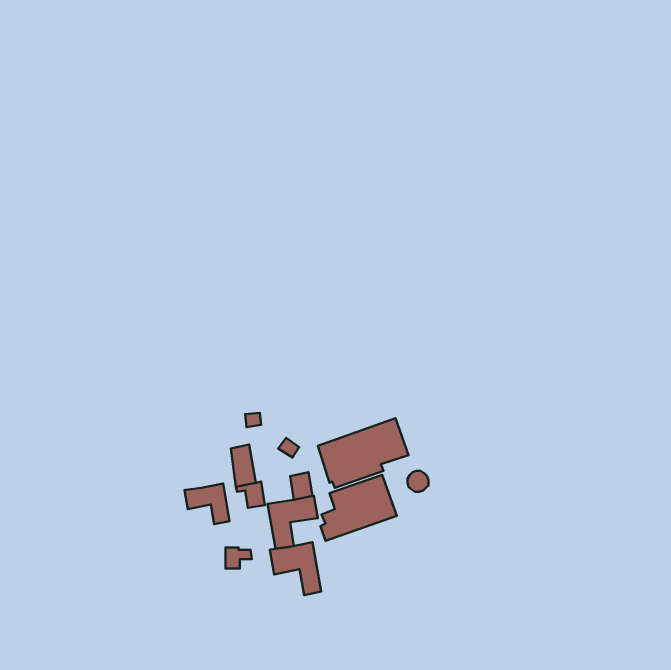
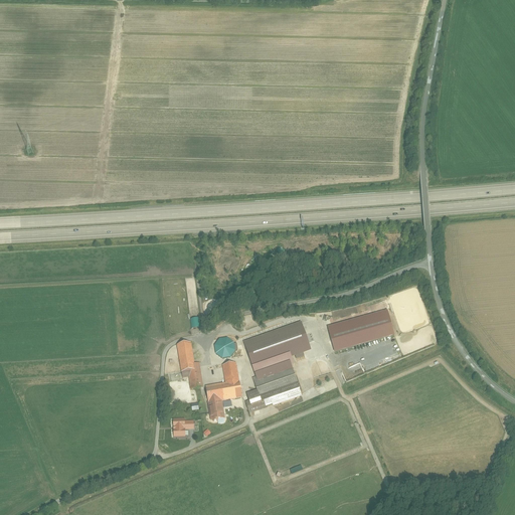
building: none -> [322,308,392,350]
building: [185,484,230,524] -> none
building: [270,542,321,595] -> none

